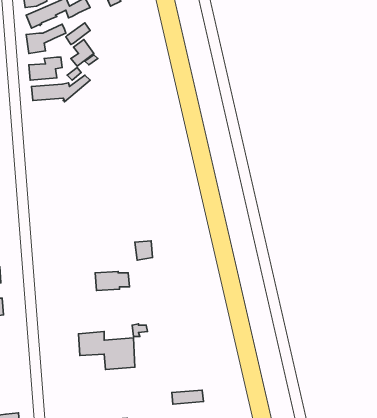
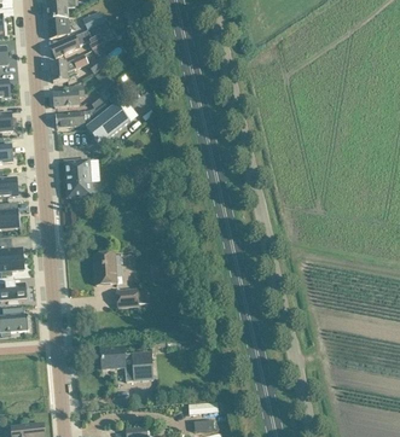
building: none -> [87,103,131,144]
building: none -> [65,158,92,196]
building: none -> [94,251,117,284]

